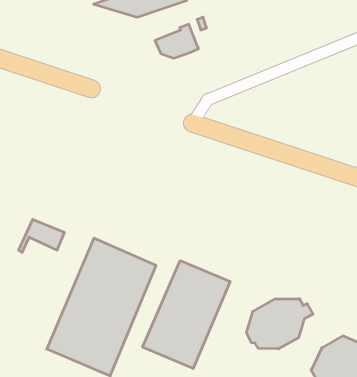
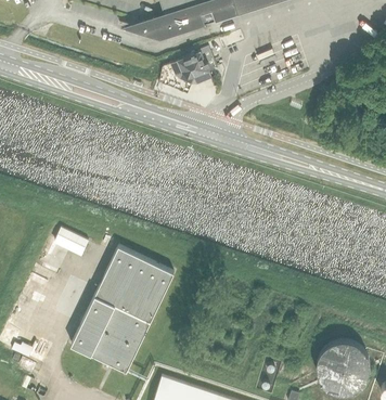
building: [143,261,230,369] -> none
building: [246,299,313,349] -> none

